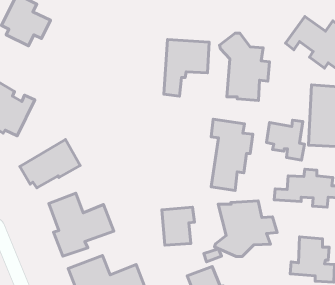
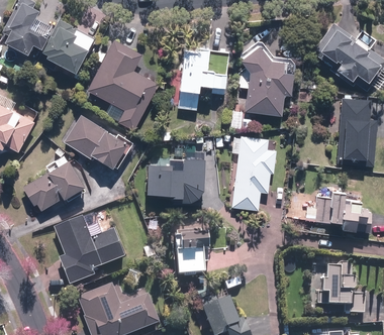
building: none -> [43,21,95,74]
building: none -> [87,38,159,132]
building: none -> [62,113,133,169]
building: [267,120,304,160] -> none
building: none -> [150,154,206,201]
building: [215,201,277,257] -> none

